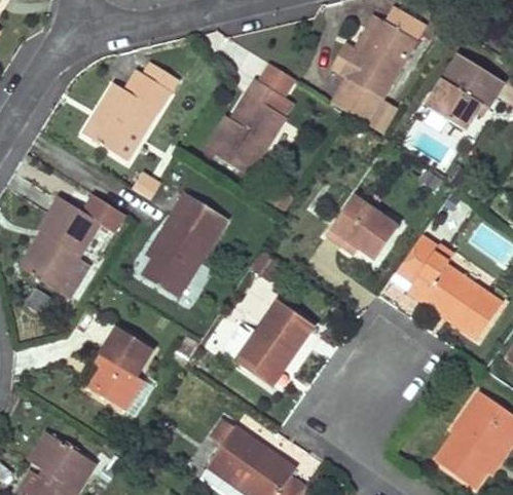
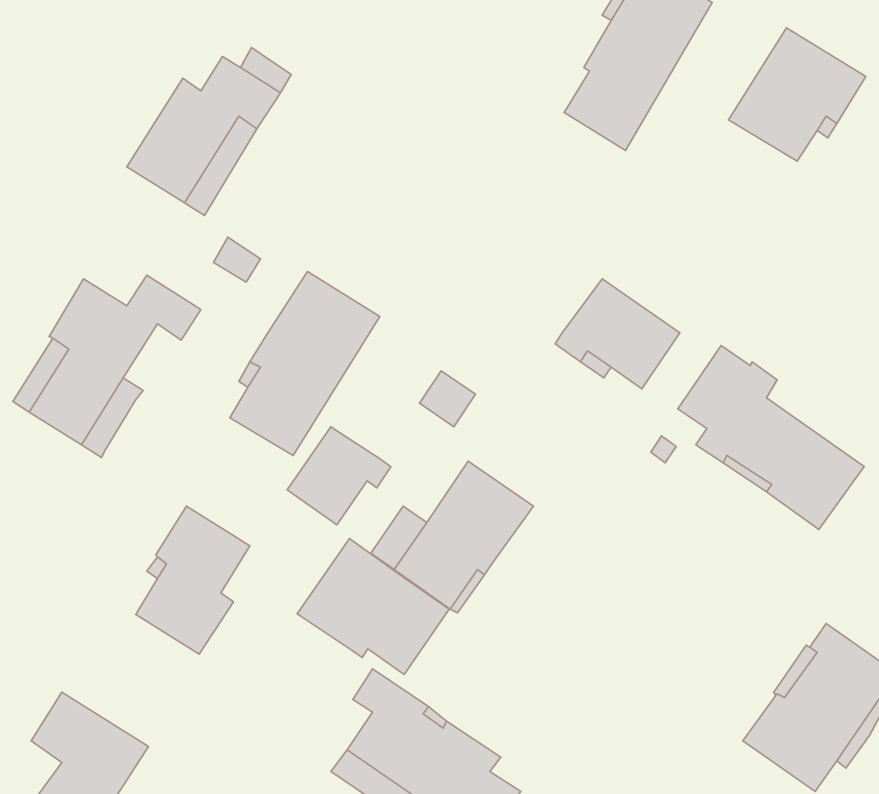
building: [206,78,287,176] -> none
building: none -> [287,427,391,525]
building: none -> [297,539,449,675]

